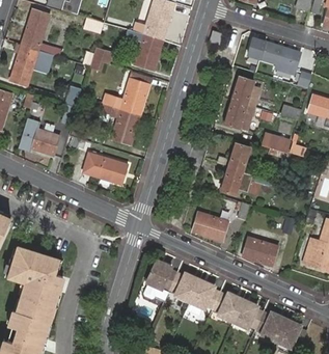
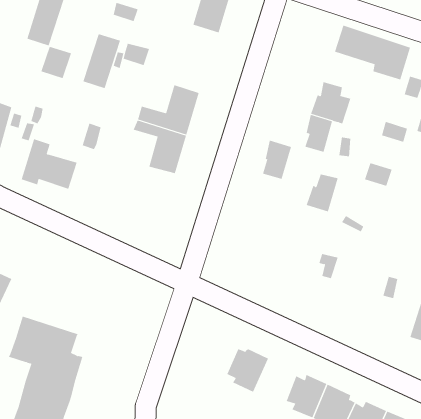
building: [133,32,163,70] -> none
building: [10,45,38,85] -> [83,33,121,89]
building: [92,155,127,184] -> none
building: [221,166,243,195] -> [262,140,292,180]
building: [192,213,228,242] -> none
building: [242,237,278,266] -> none
building: [143,258,176,292] -> none
building: [188,278,219,310] -> none

